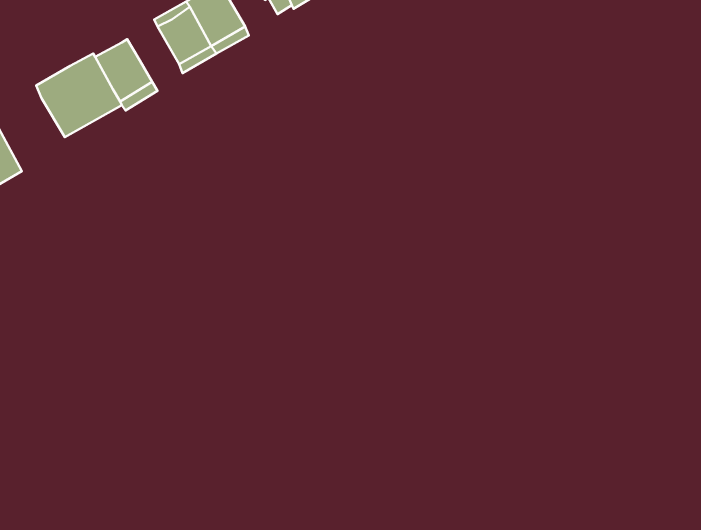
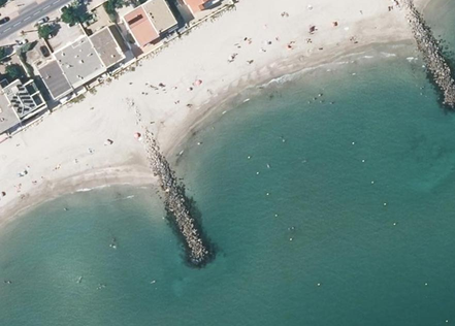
building: none -> [40,61,72,95]

